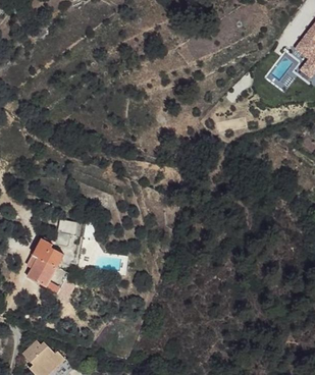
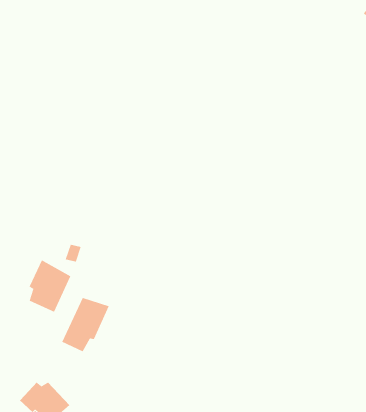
building: none -> [62,297,110,352]

